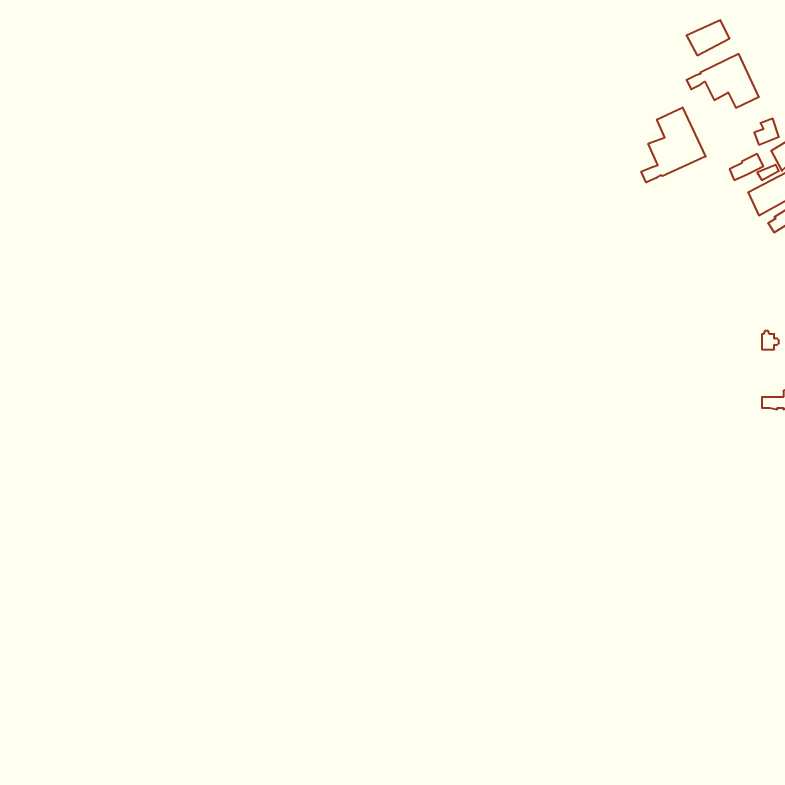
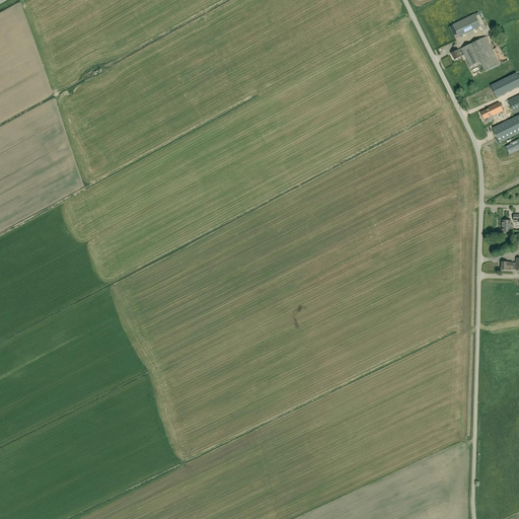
building: [641,107,706,182] -> none

